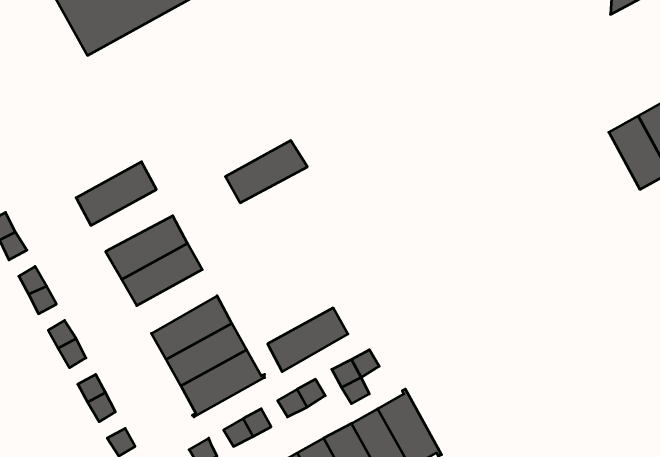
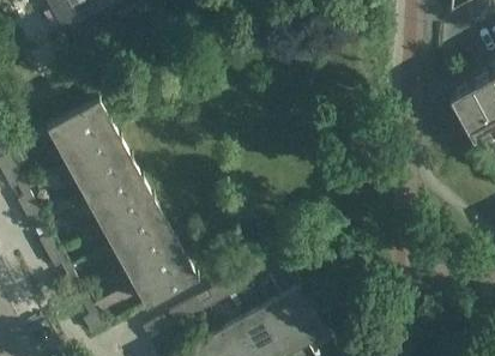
building: none -> [46,98,107,146]
building: [225,141,307,203] -> [70,140,129,186]
building: [268,308,348,372] -> [103,199,162,246]

